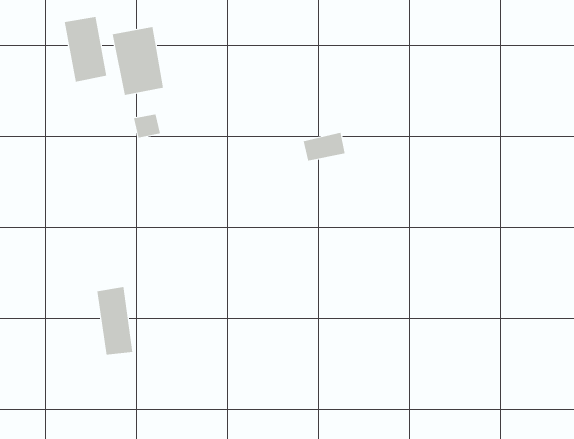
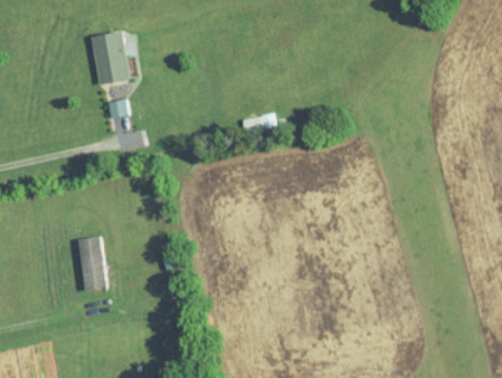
building: [64,16,107,83] -> none

